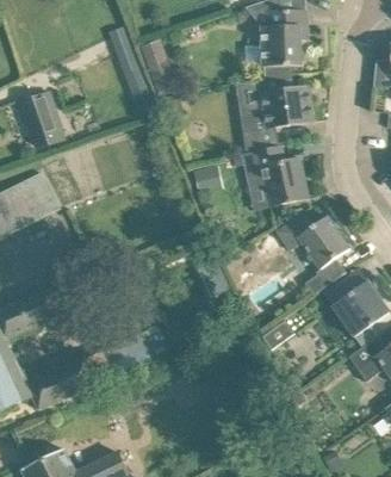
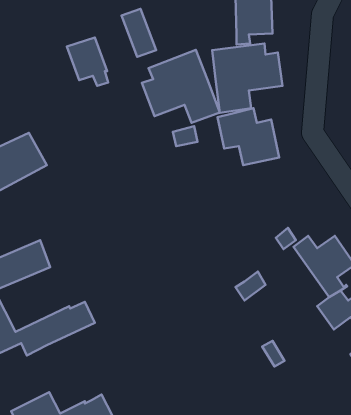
building: none -> [142,50,220,123]
building: [19,91,63,142] -> [67,38,108,86]
building: [277,215,349,268] -> none

